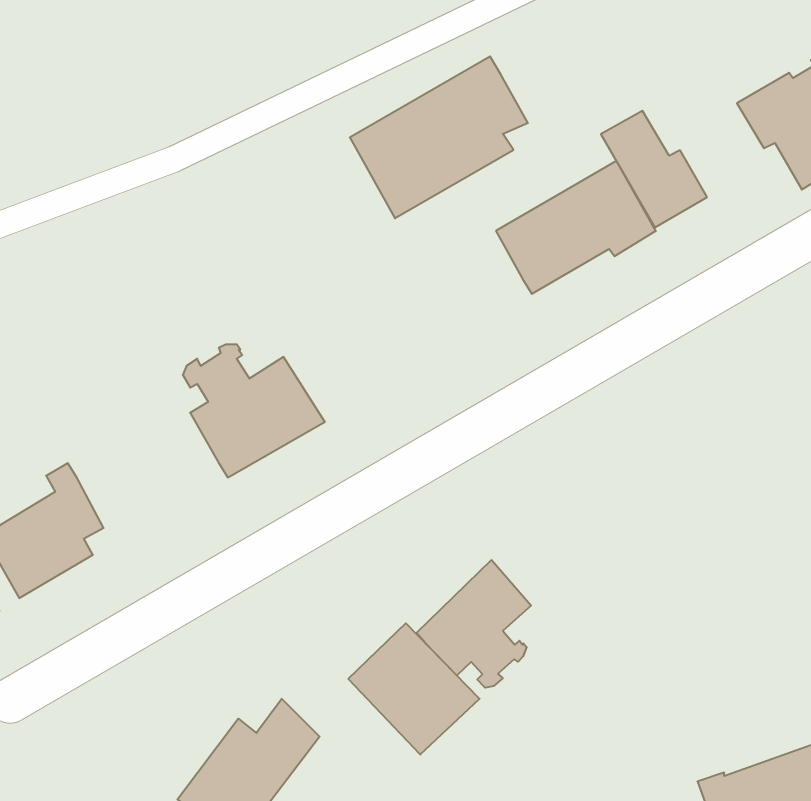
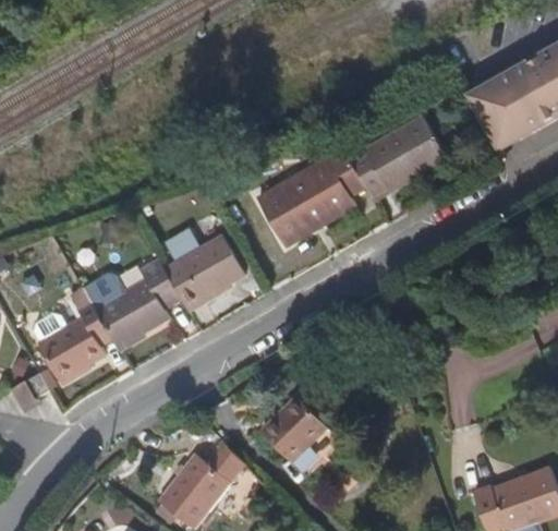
building: [350,56,528,218] -> [258,147,366,245]
building: [601,111,707,228] -> [471,81,535,152]
building: none -> [96,258,182,347]
building: [416,560,531,688] -> none

